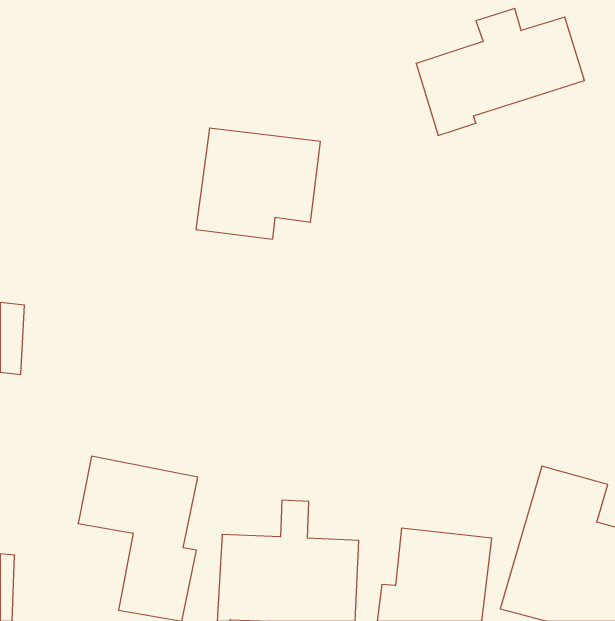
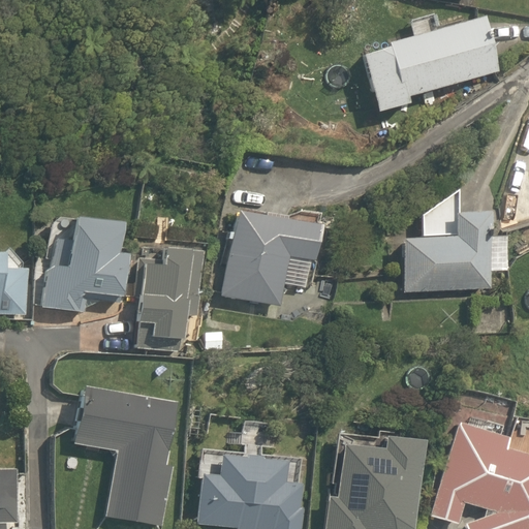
building: [196,128,320,239] -> [218,210,323,304]
building: none -> [401,197,495,292]
building: none -> [43,220,127,310]
building: none -> [138,247,199,348]

